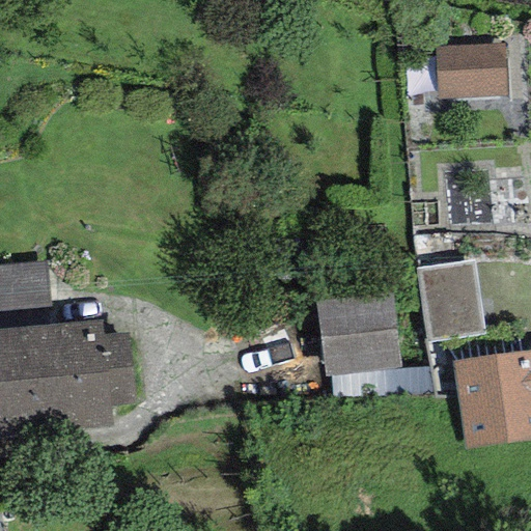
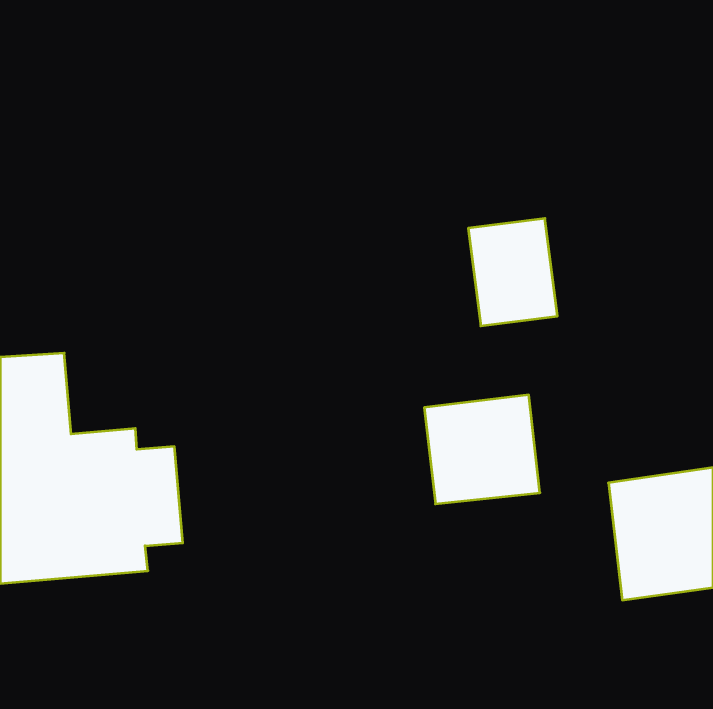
building: [435,44,507,97] -> none
building: [416,261,482,341] -> [468,218,557,326]

